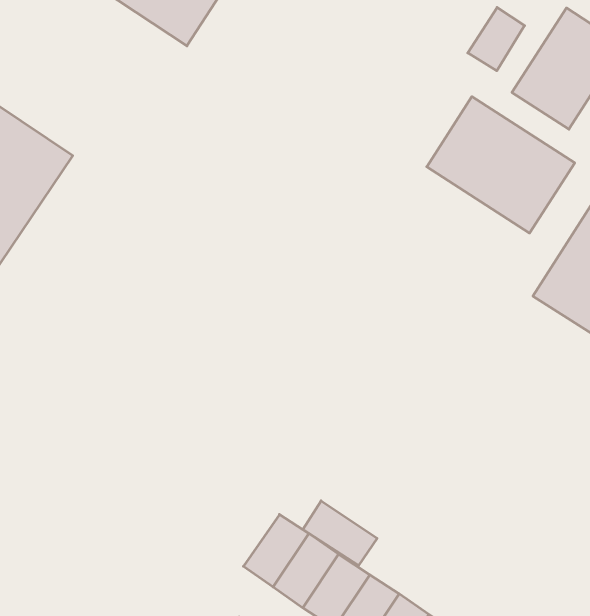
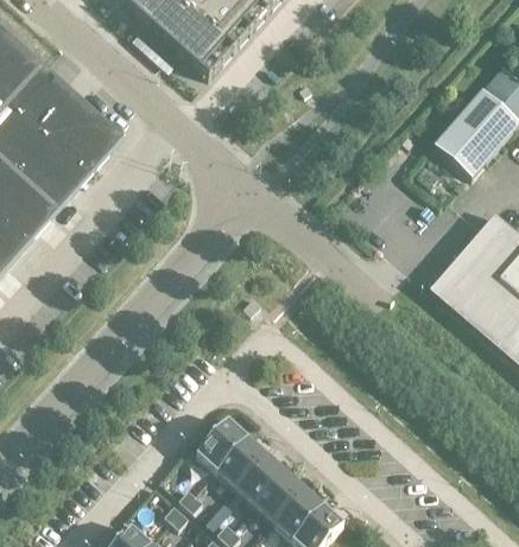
building: [468,7,525,71] -> none
building: [427,97,575,233] -> none
building: [303,501,377,565] -> none

